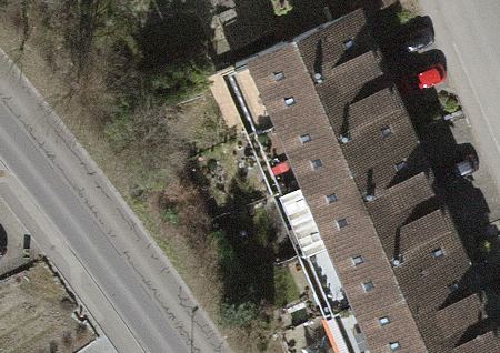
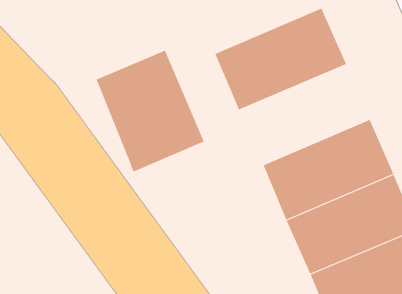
building: none -> [96,50,205,172]
building: [268,73,413,185] -> none

